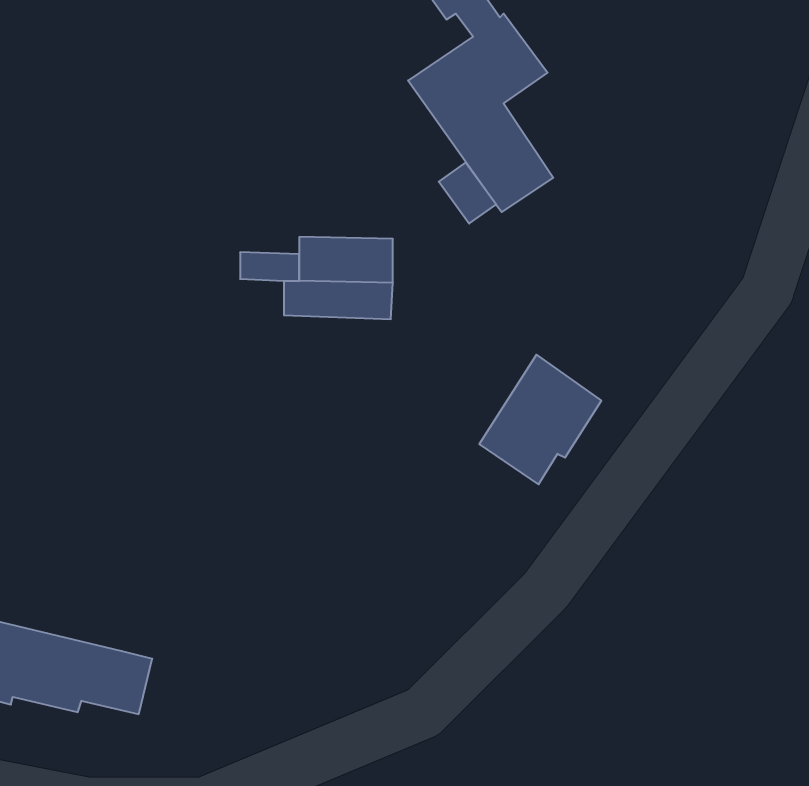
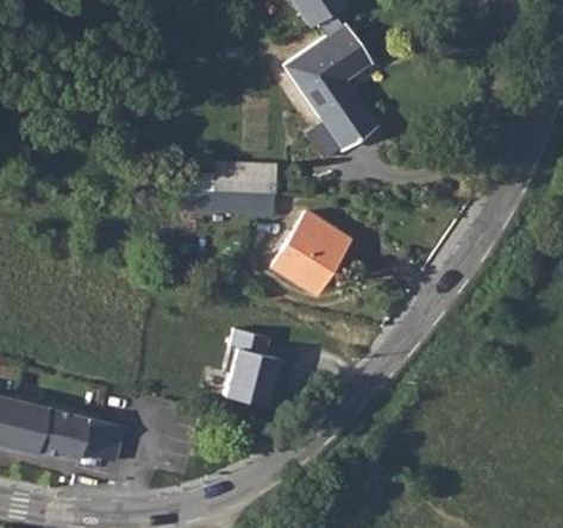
building: [479,355,601,484] -> [273,210,349,291]
building: none -> [226,328,282,408]

